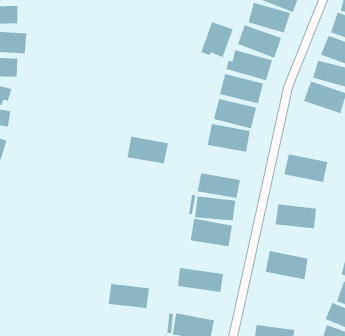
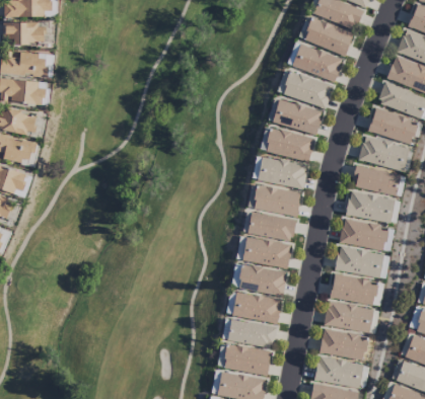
building: [201,21,233,58] -> none
building: none -> [358,136,410,171]
building: none -> [352,165,401,195]
building: [127,136,169,164] -> [254,184,301,216]
building: none -> [339,218,388,250]
building: none -> [330,272,377,306]
building: none -> [233,293,281,322]
building: none -> [320,328,367,360]
building: [108,284,150,309] -> [223,345,271,374]
building: none -> [314,356,363,388]

